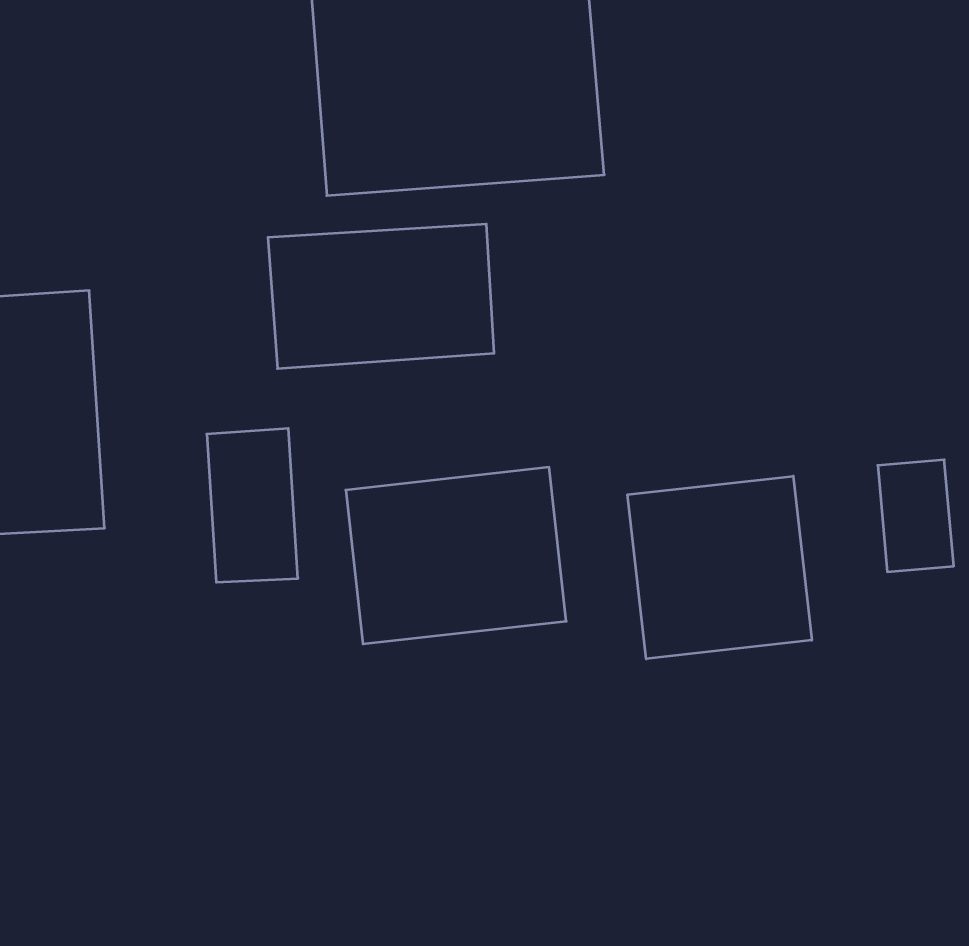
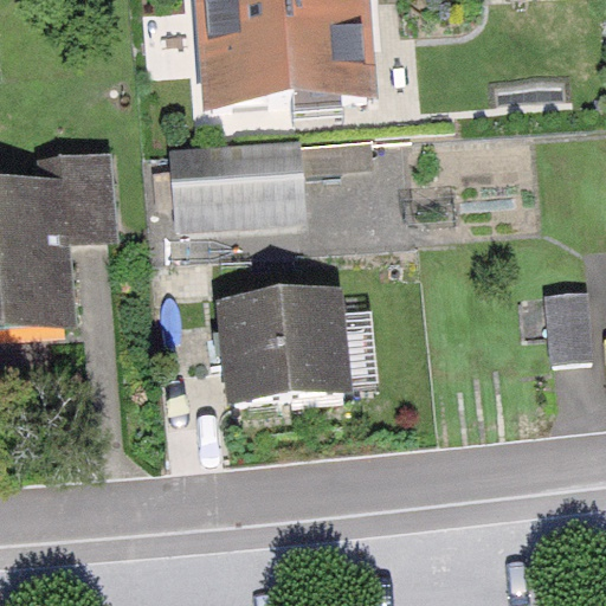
building: [207,428,298,582] -> [59,149,116,245]
building: [628,476,812,659] -> none

